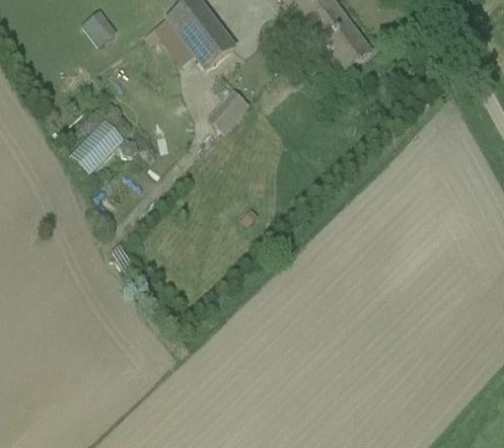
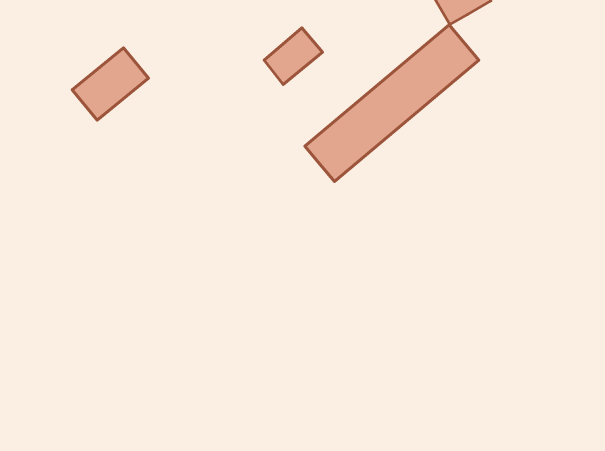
building: none -> [305,25,479,182]

